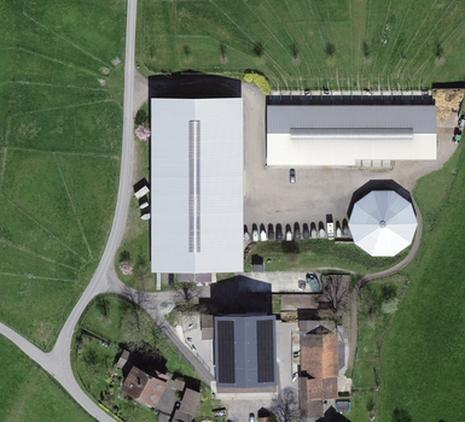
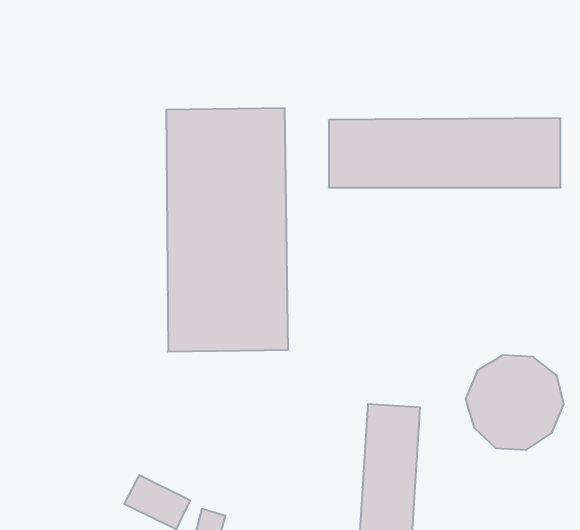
building: [345,189,415,257] -> [466,355,564,450]
building: [200,316,280,393] -> none

